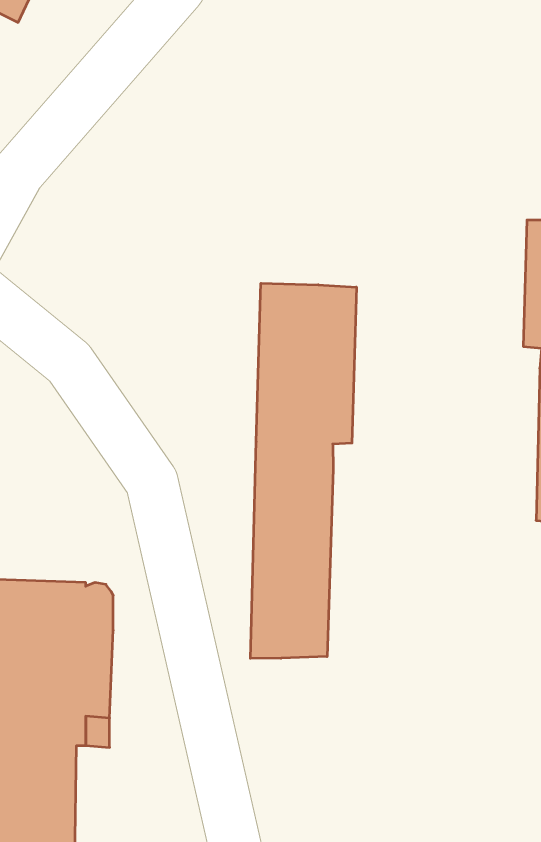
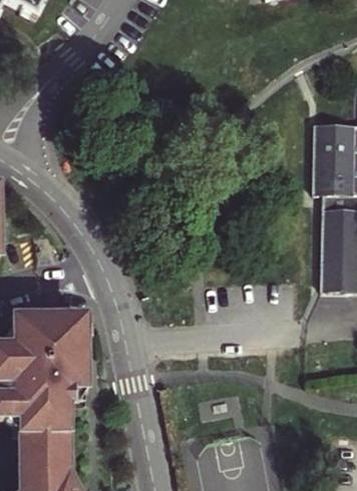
building: [250,283,356,658] -> none

